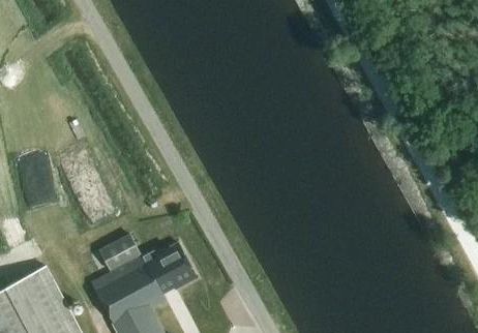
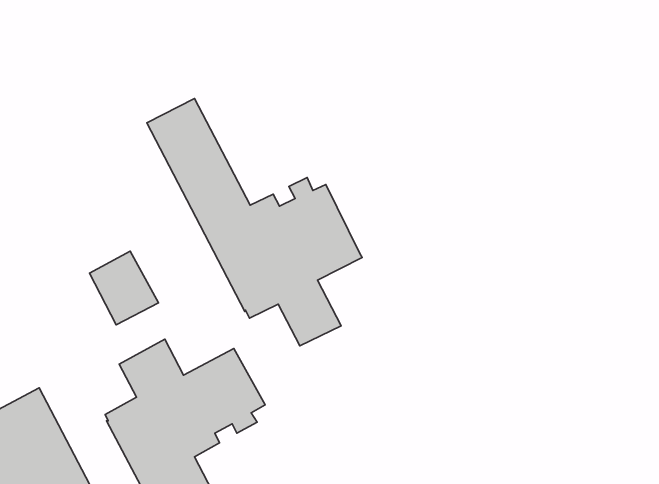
building: none -> [147,98,362,346]

